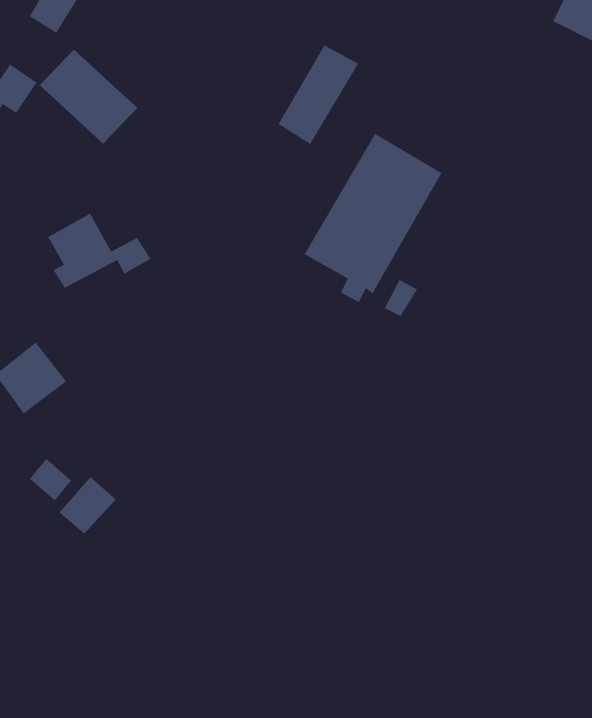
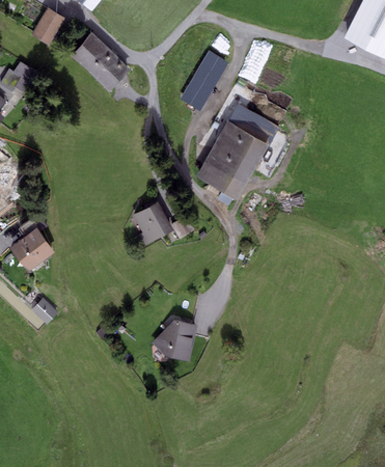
building: [39,49,138,144] -> [71,33,130,90]
building: [47,212,151,289] -> [132,201,194,247]
building: [59,476,116,534] -> none
building: none -> [152,320,196,361]

